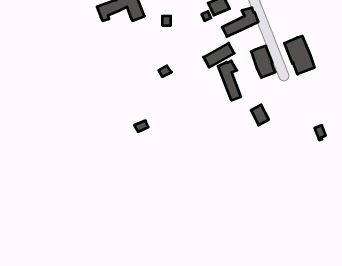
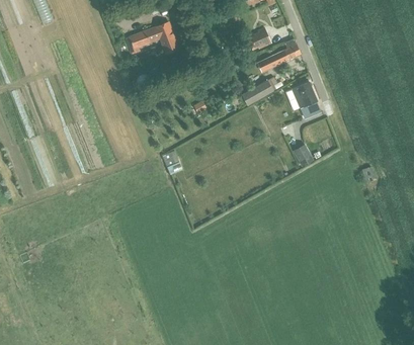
building: [284,36,314,74] -> none
building: [218,61,241,100] -> none

